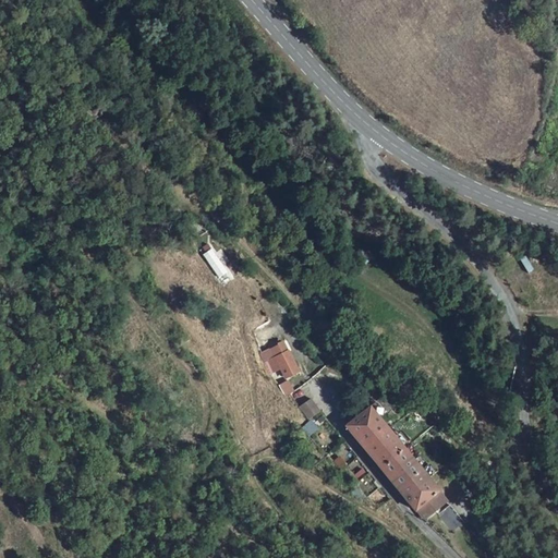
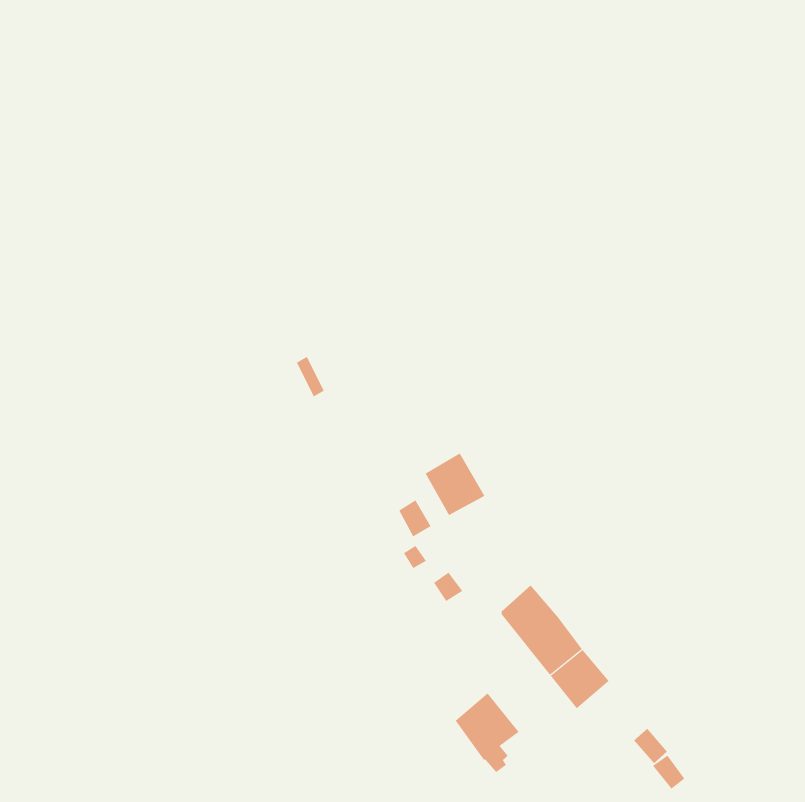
building: none -> [425,453,485,516]
building: [399,471,444,526] -> [455,692,519,773]

